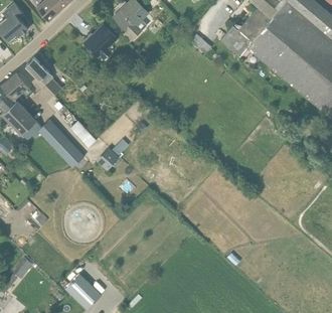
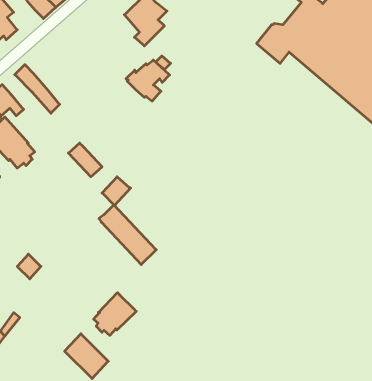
building: [82,25,118,58] -> [126,60,170,101]
building: [37,119,84,167] -> [99,205,156,265]
building: none -> [94,293,136,335]

